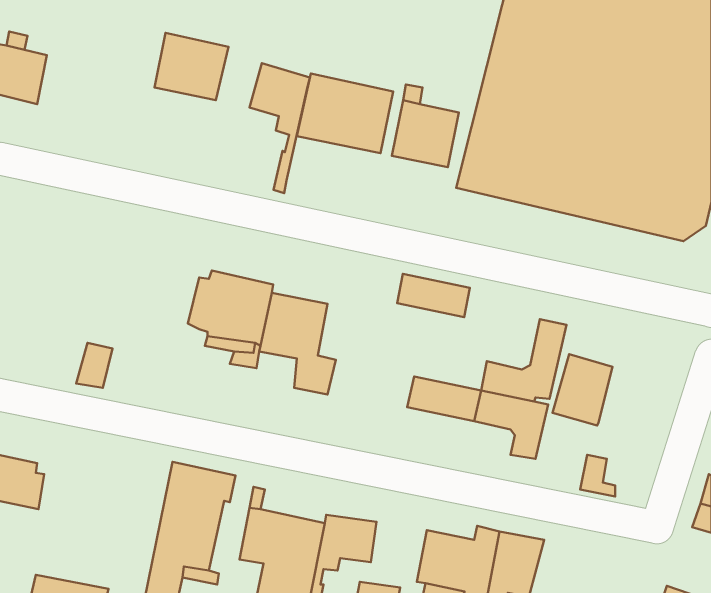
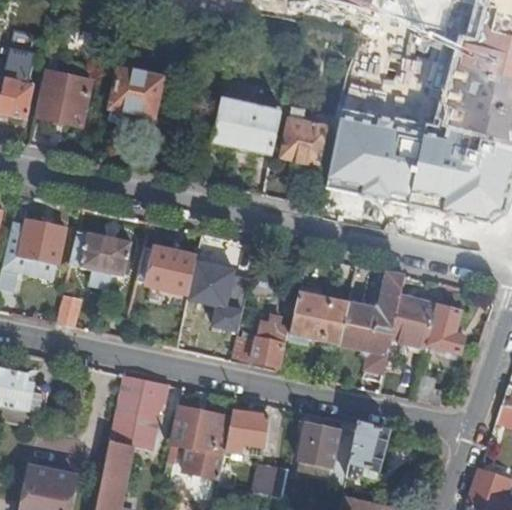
building: none -> [35,69,93,125]
building: [249,63,310,193] -> none
building: none -> [7,218,66,264]
building: none -> [71,233,132,289]
building: [397,274,470,317] -> [297,293,349,324]
building: none -> [429,307,466,355]
building: none -> [231,318,288,367]

